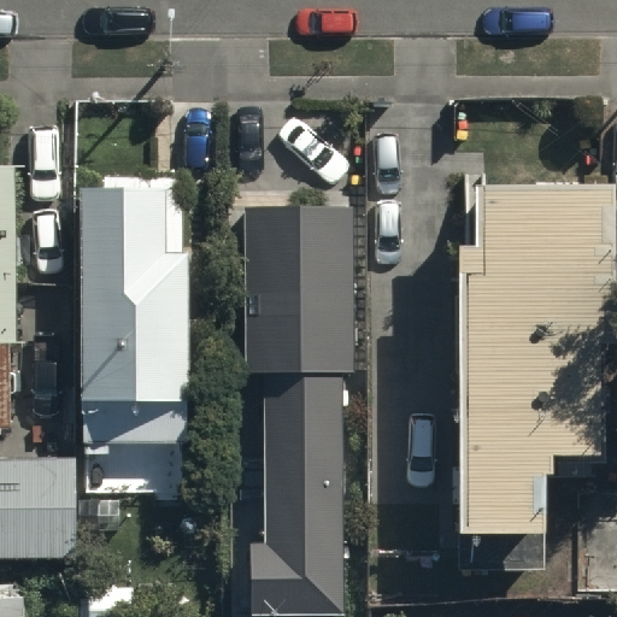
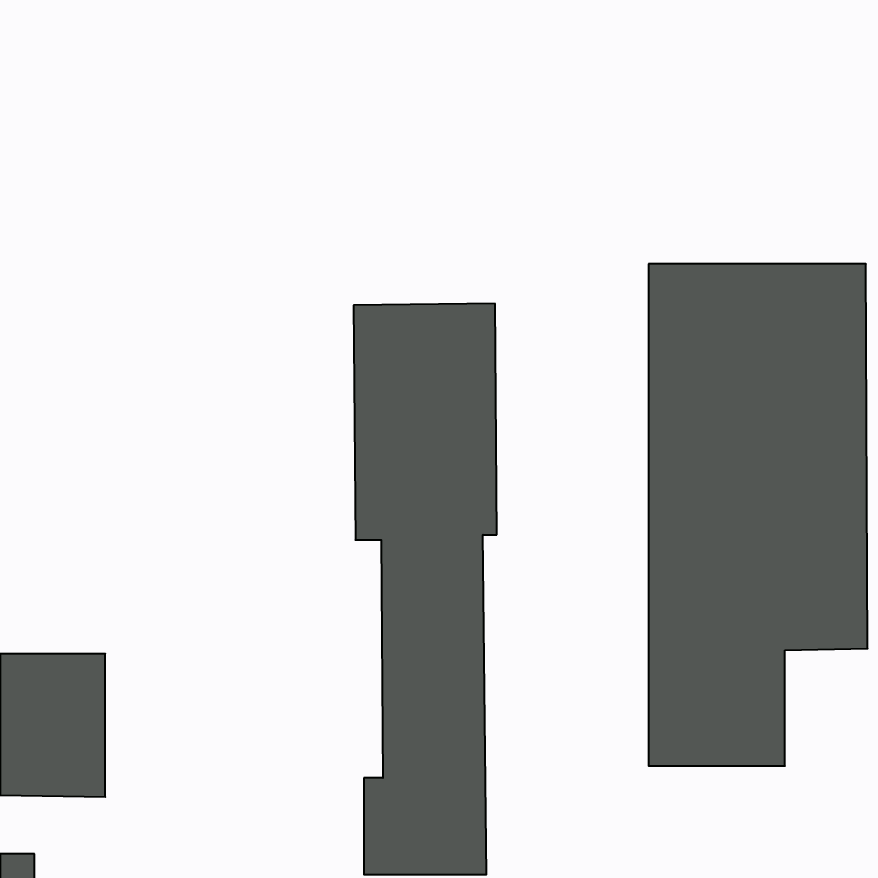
building: [82,187,187,445] -> none

